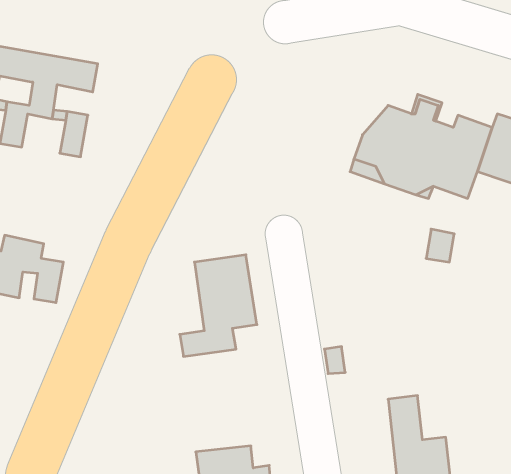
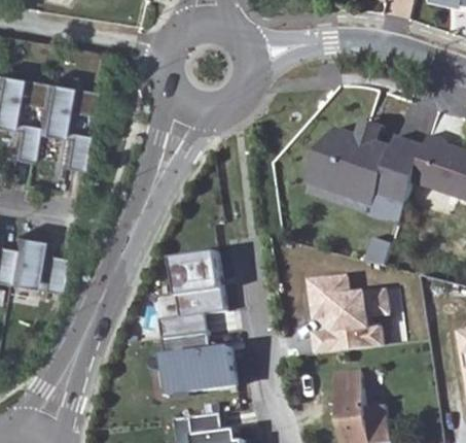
building: none -> [313,279,390,356]
building: none -> [166,333,237,395]

